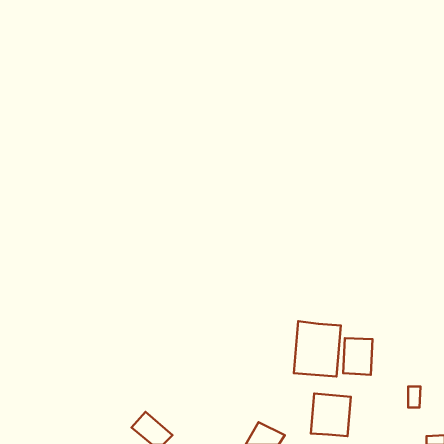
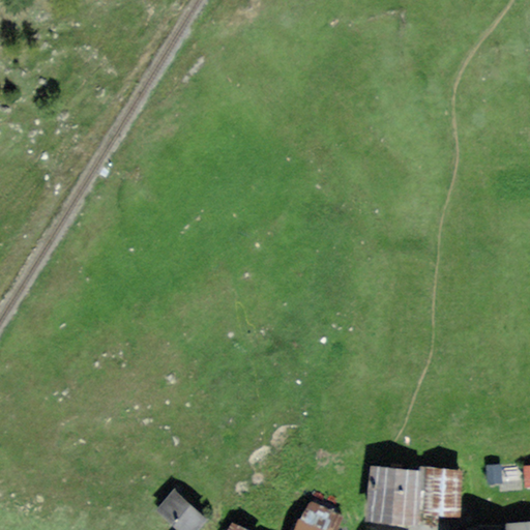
building: [294,321,341,376] -> none
building: [343,338,373,375] -> [426,472,462,516]

